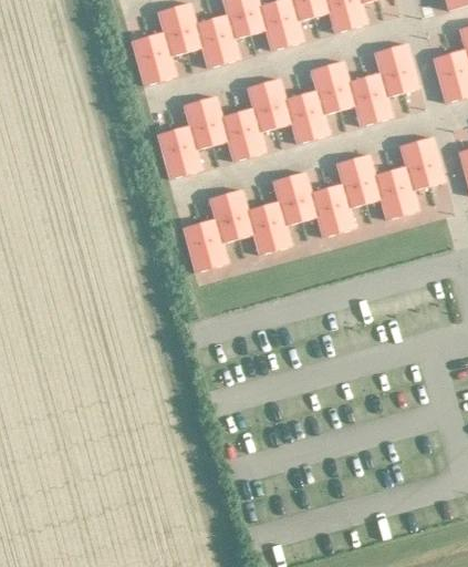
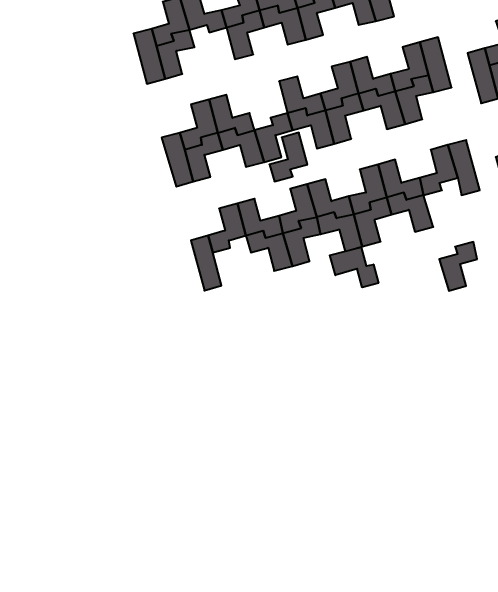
building: [183,32,223,68] -> none
building: [237,83,271,127] -> [269,133,307,181]
building: [394,171,428,215] -> [439,242,477,291]
building: [204,223,238,268] -> none
building: none -> [330,247,378,287]

